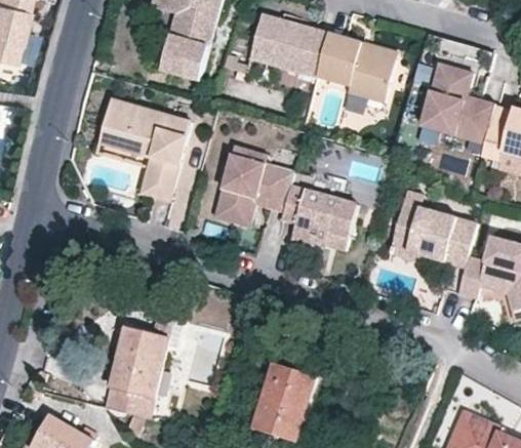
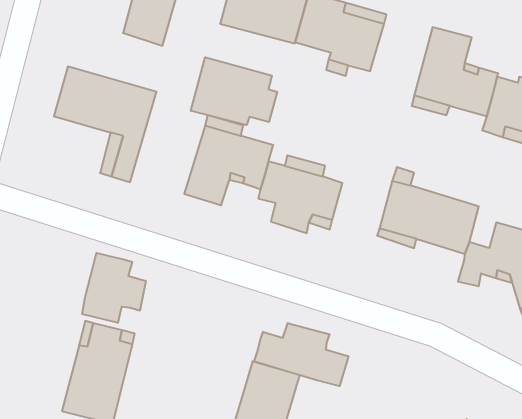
building: none -> [191,57,277,125]
building: none -> [82,253,146,323]
building: none -> [254,323,348,386]

